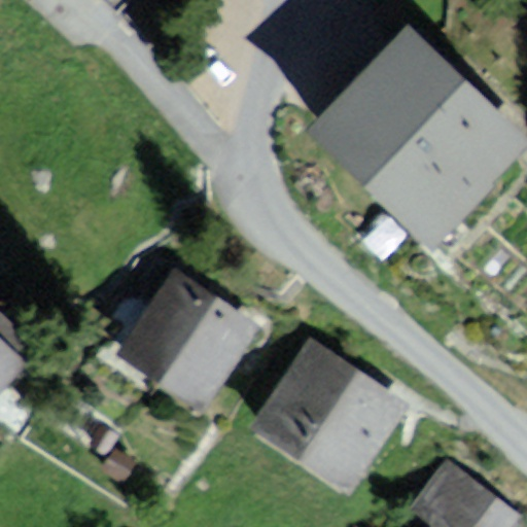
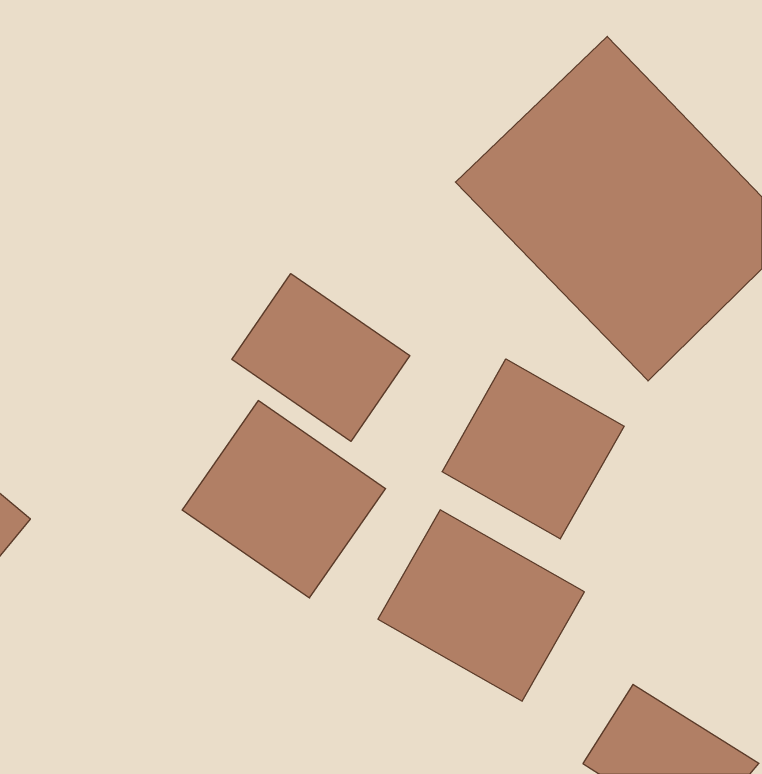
building: none -> [232,274,410,441]
building: none -> [442,359,624,539]

